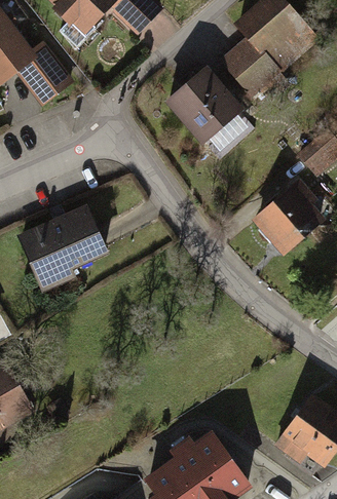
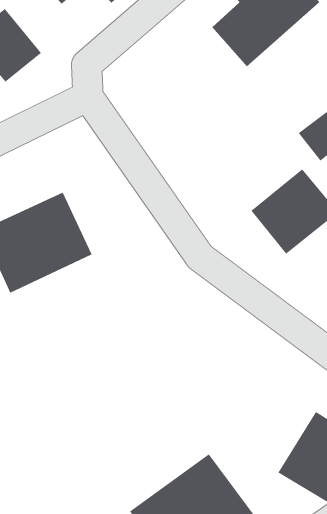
building: [171,66,250,147] -> none

